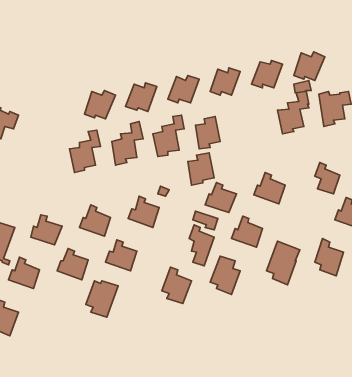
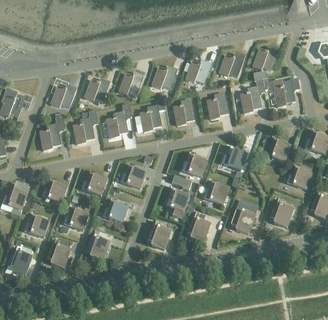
building: none -> [51,85,76,107]
building: none -> [40,116,65,150]
building: [188,153,214,185] -> [207,93,228,119]
building: none -> [47,239,71,268]

